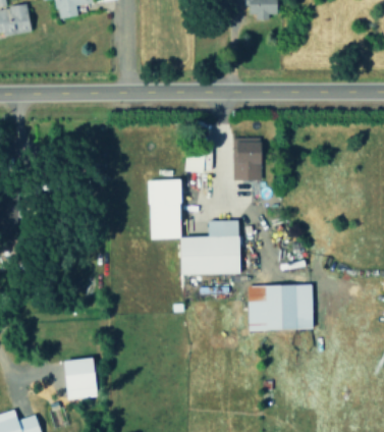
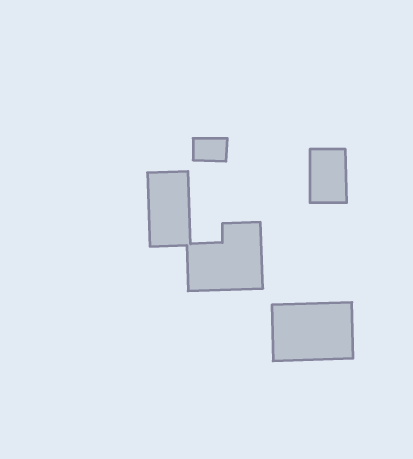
building: [233,138,263,180] -> [310,149,347,203]
building: [64,358,99,399] -> none

